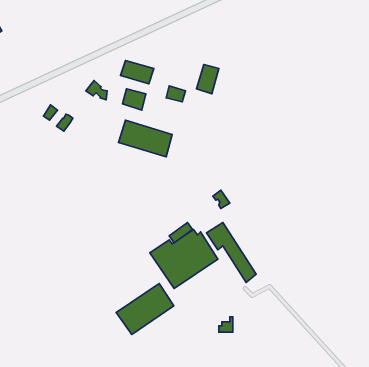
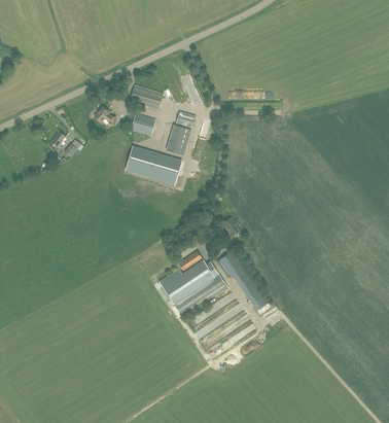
building: [197,65,219,94] -> [167,125,189,154]
building: [116,283,174,335] -> none

